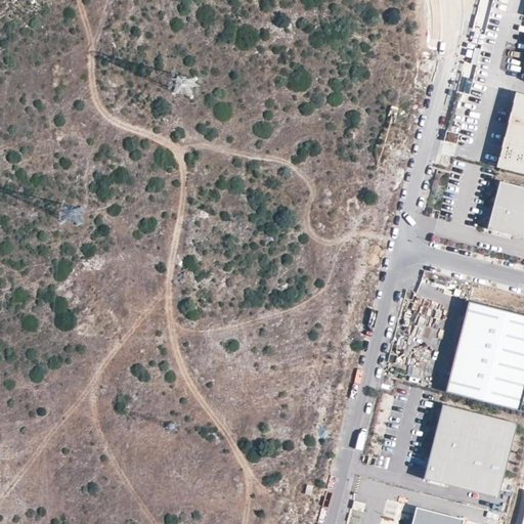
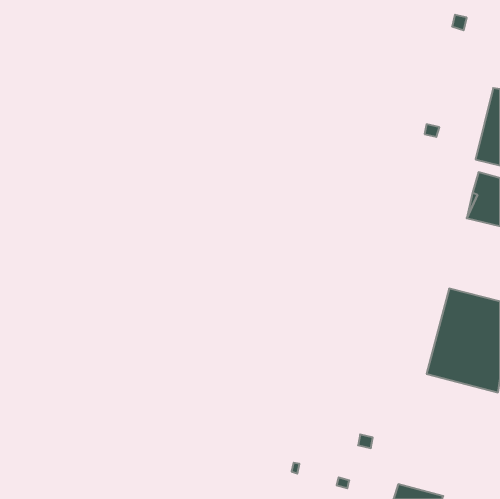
building: [424,403,517,497] -> none

